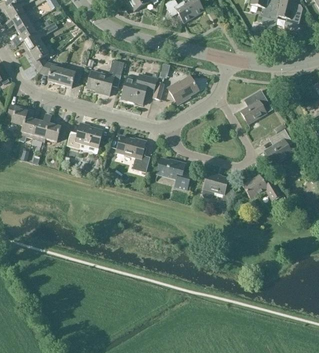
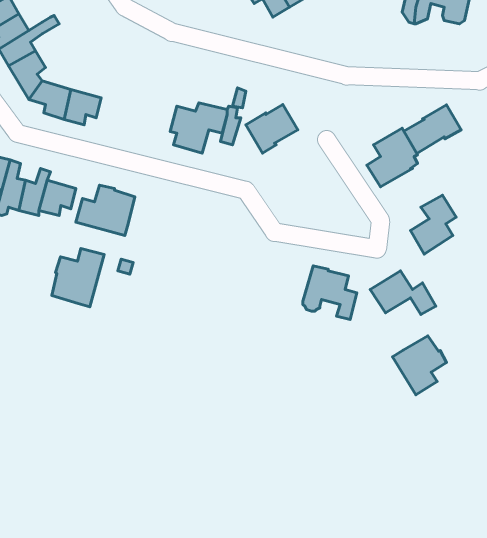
building: [86,59,123,95] -> none
building: none -> [404,105,461,153]
building: [115,135,149,172] -> none
building: [156,157,190,189] -> none
building: none -> [52,248,104,307]
building: none -> [392,336,446,395]

